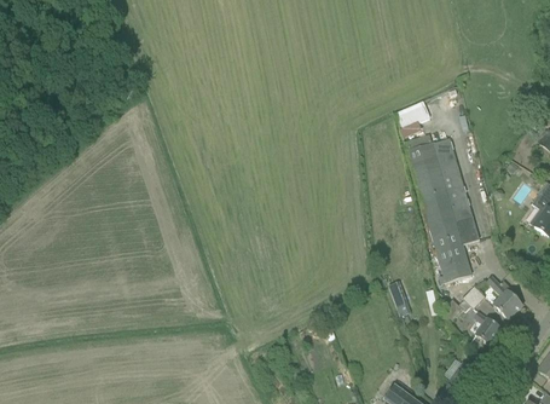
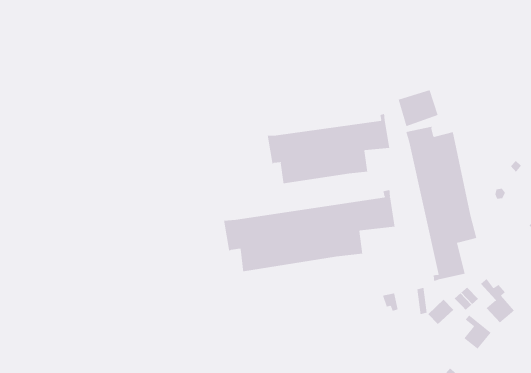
building: none -> [267,113,390,184]
building: none -> [224,189,395,272]

